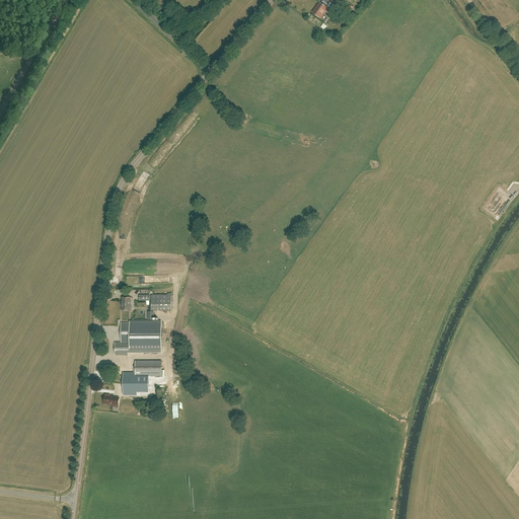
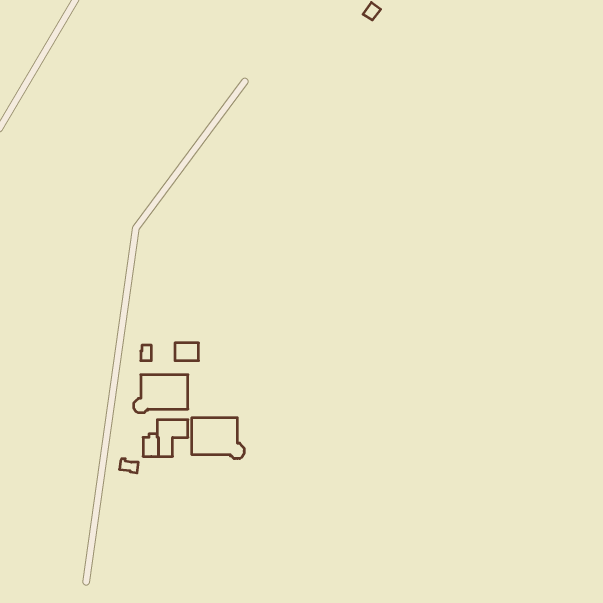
building: none -> [192,418,244,459]

